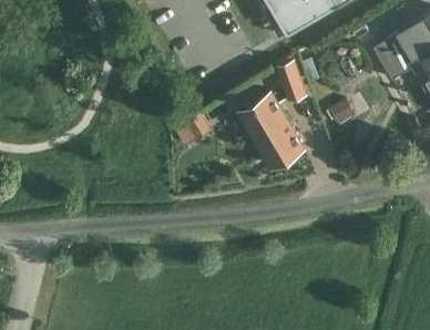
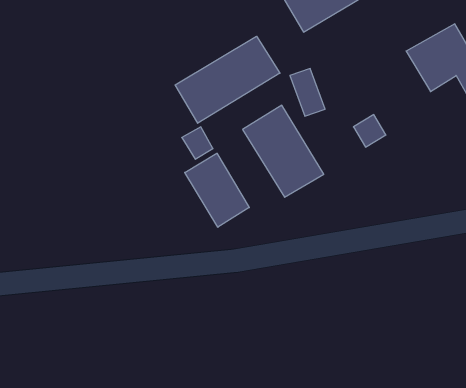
building: none -> [175,36,280,123]
building: none -> [185,153,249,227]

